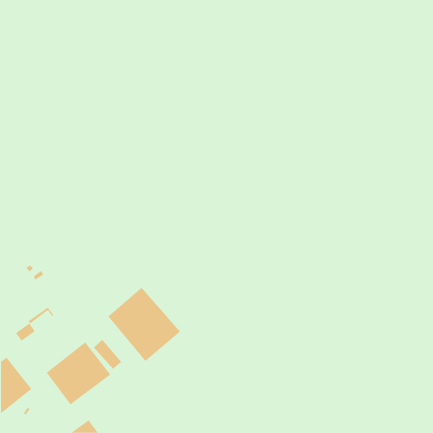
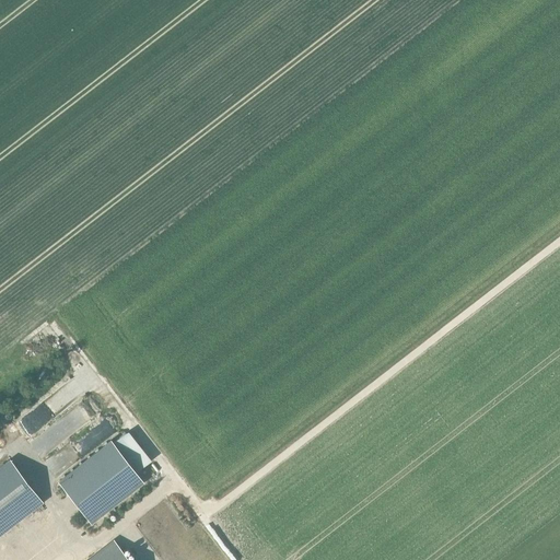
building: [107,287,181,362] -> none

